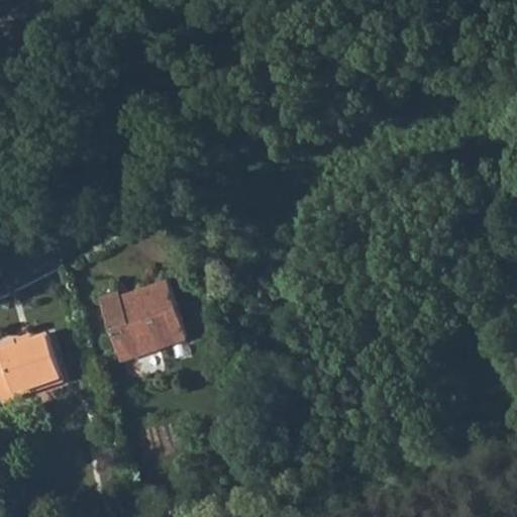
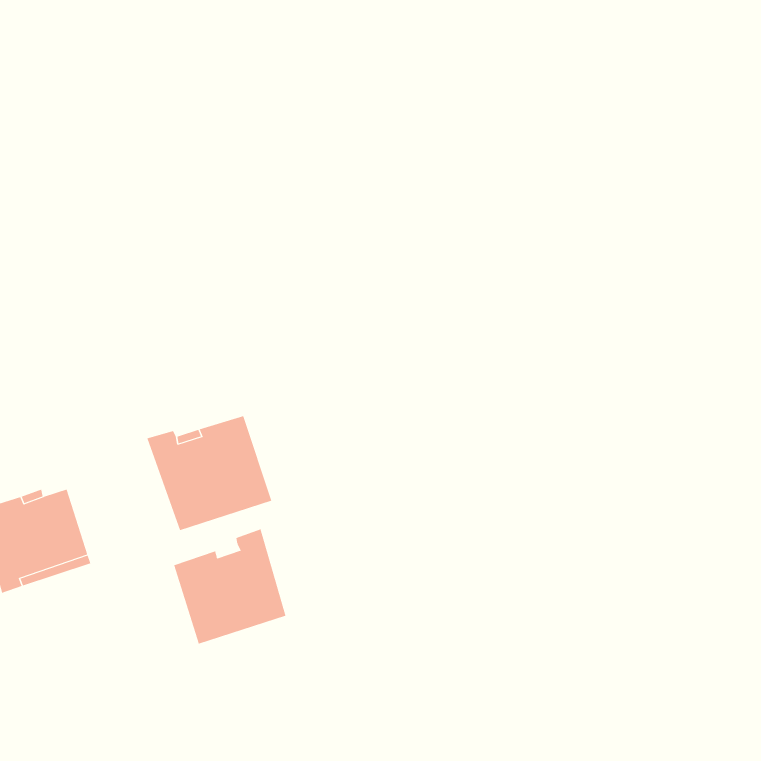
building: none -> [174,529,286,645]

